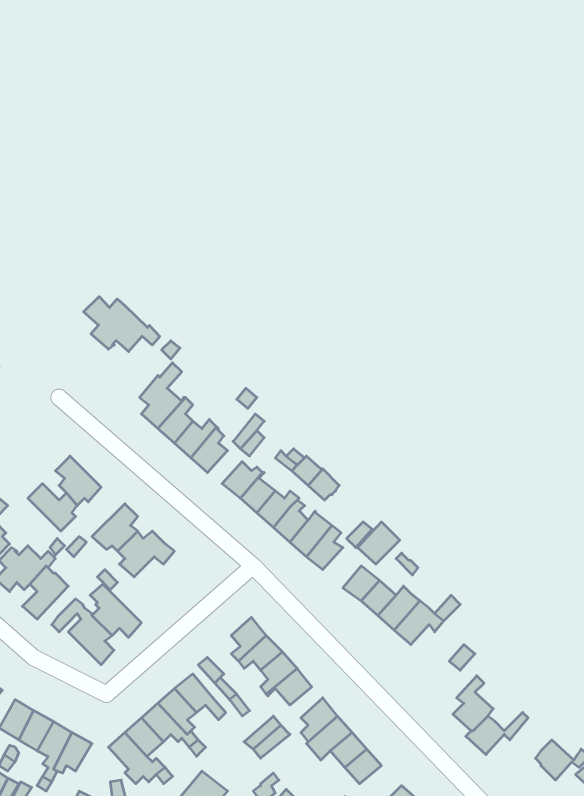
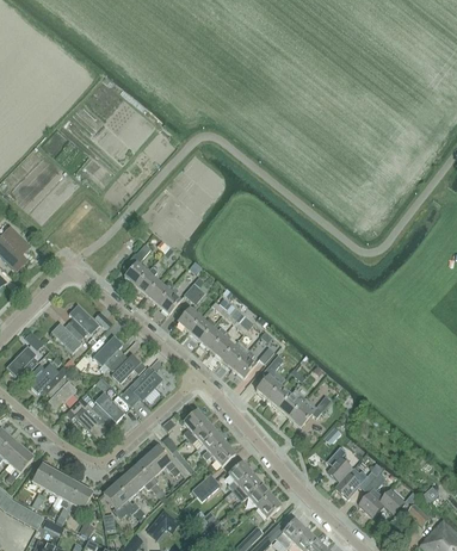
building: [84,297,160,352] -> none
building: none -> [119,369,162,405]
building: none -> [359,471,385,515]

